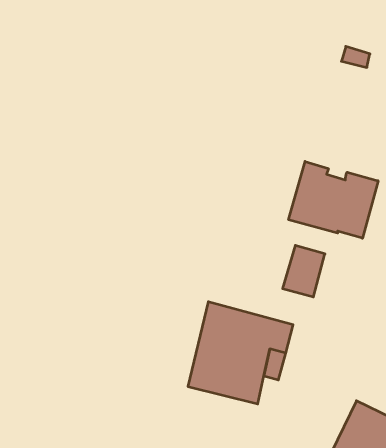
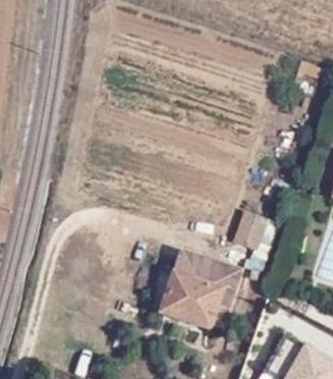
building: [289,161,378,238] -> none

